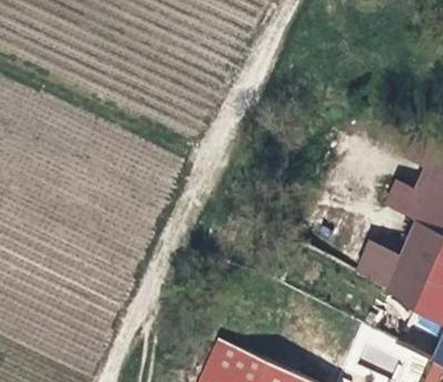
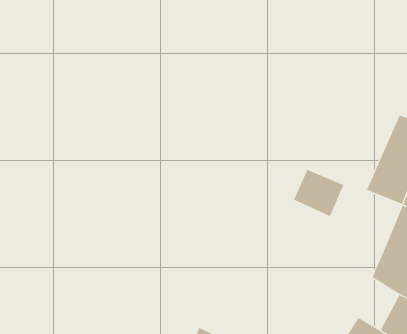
building: [351,244,401,290] -> [293,169,344,217]

